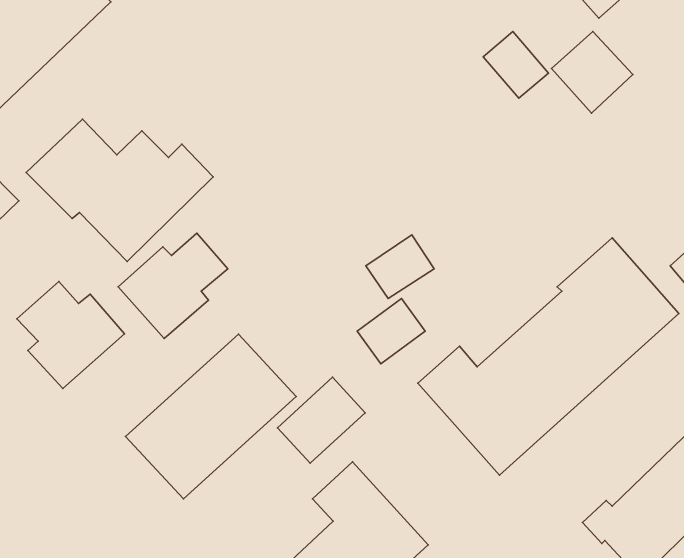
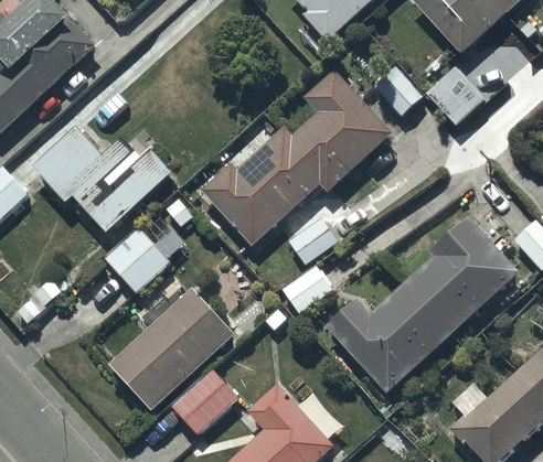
building: none -> [201,69,393,247]
building: [17,282,125,389] -> none
building: [277,377,365,463] -> [172,368,237,432]

